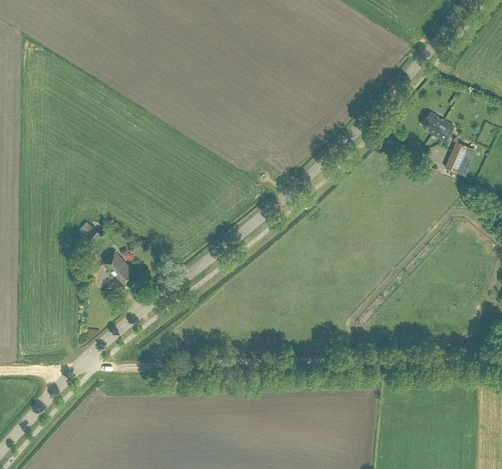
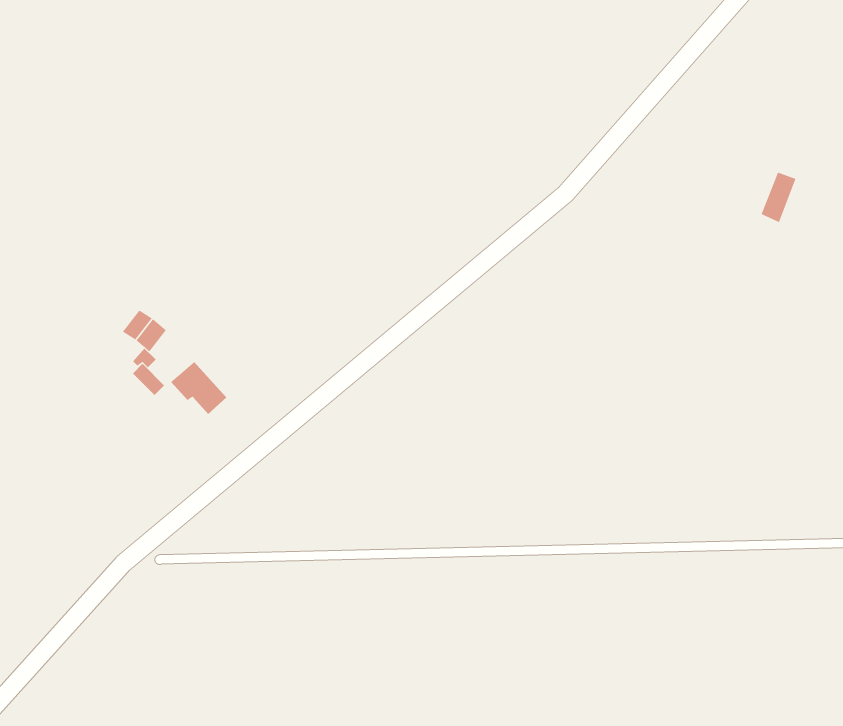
building: [422,111,455,141] -> none

